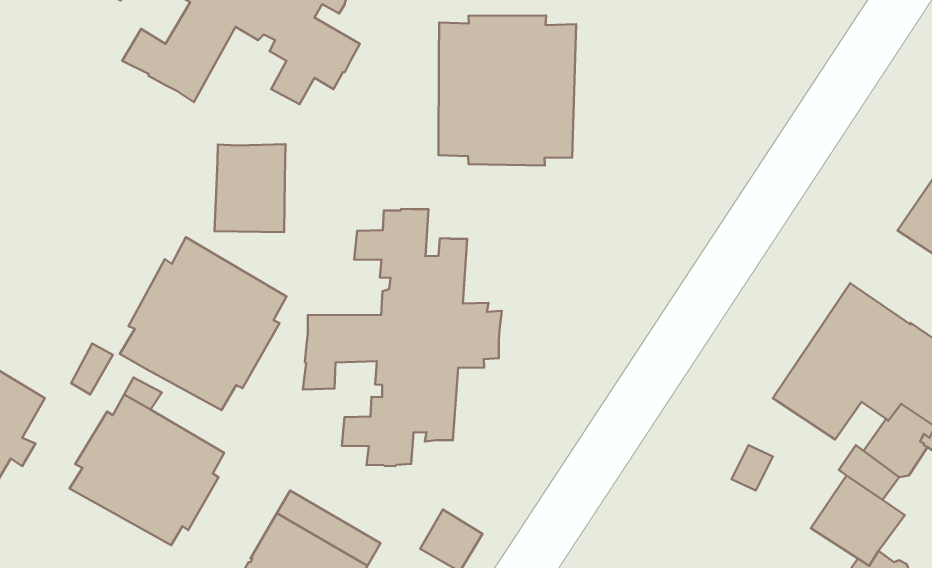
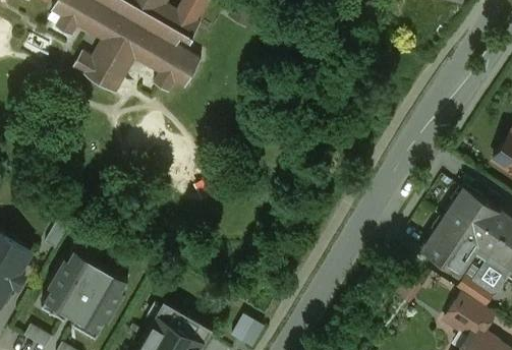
building: [438,15,576,165] -> none
building: [215,144,286,232] -> none
building: [303,209,502,466] -> none
building: [120,237,287,410] -> none

